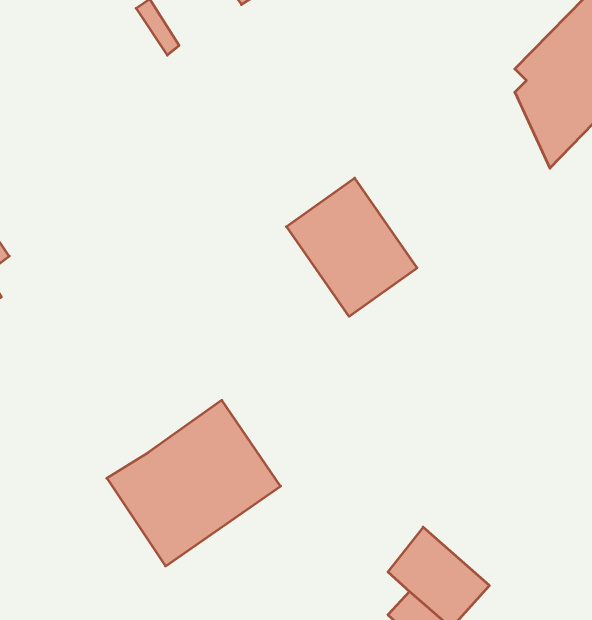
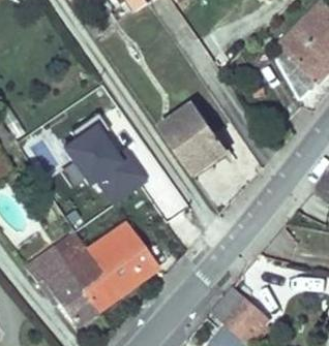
building: none -> [62,114,148,203]
building: none -> [25,230,96,324]

